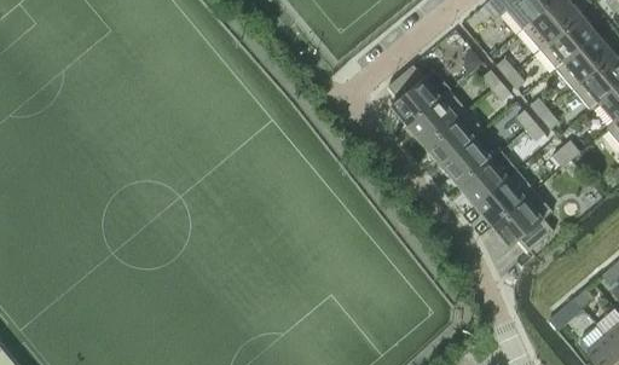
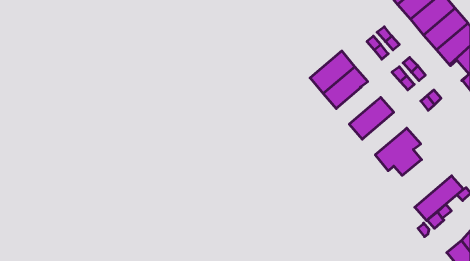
building: [388,65,450,126] -> none
building: [442,138,492,186] -> none
building: [476,170,534,226] -> none
building: none -> [415,176,463,221]

